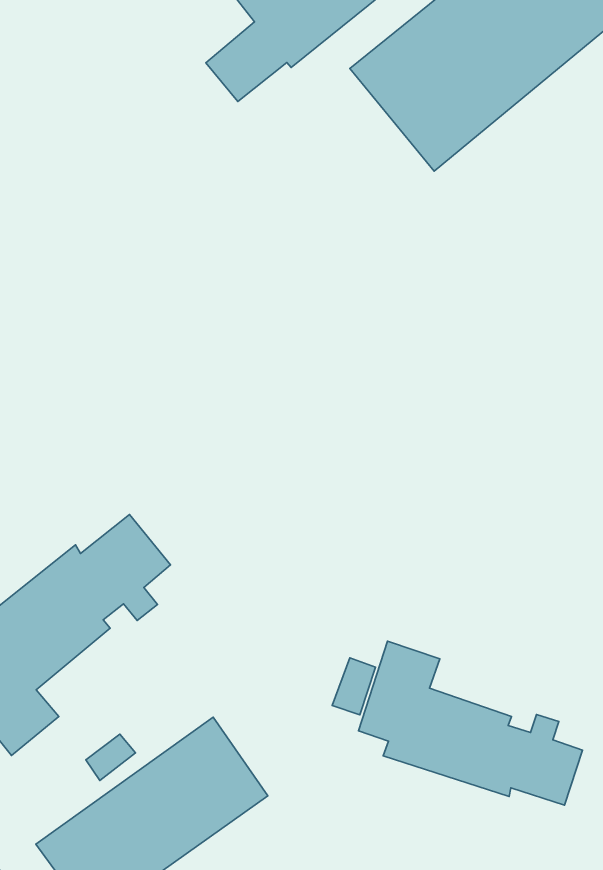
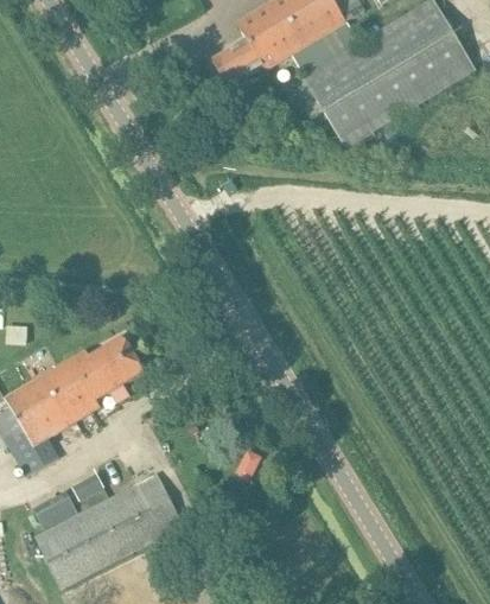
building: [359,641,583,805] -> none
building: none -> [33,491,77,528]

